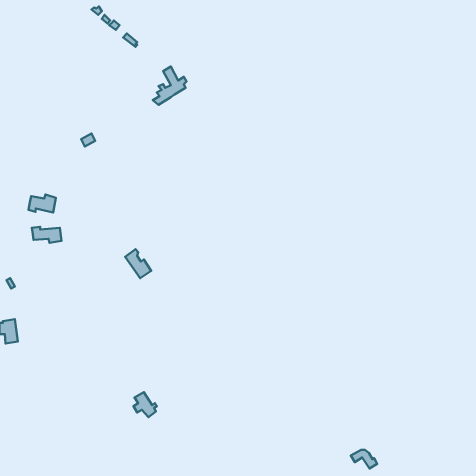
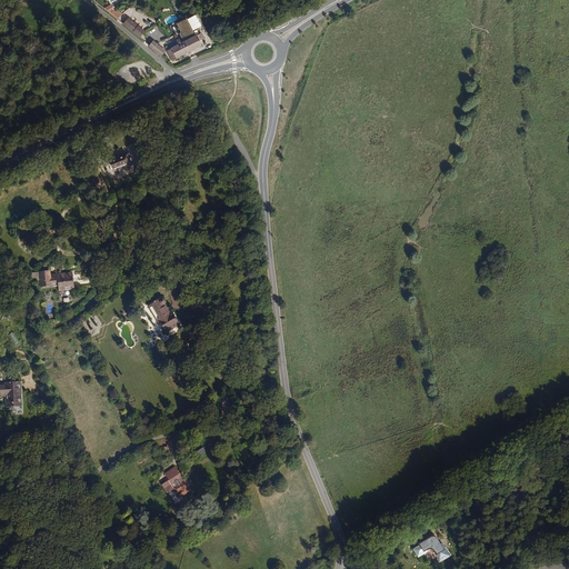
building: [153,66,187,105] -> [162,18,202,63]
building: [28,194,56,213] -> none

